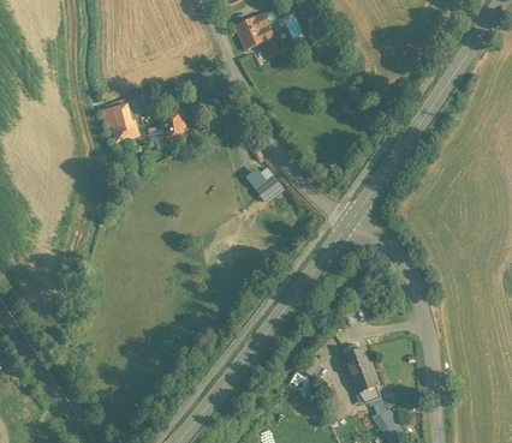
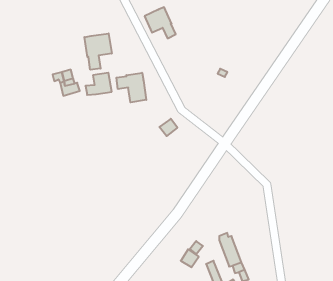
building: none -> [84,33,112,70]
building: none -> [116,73,146,102]

